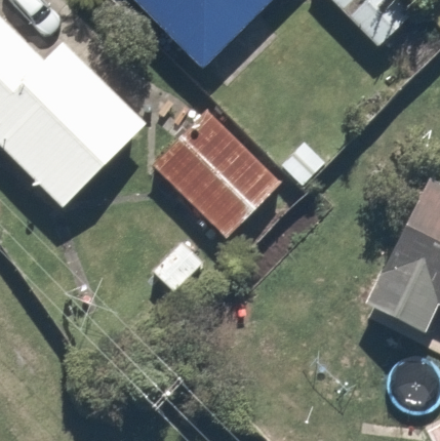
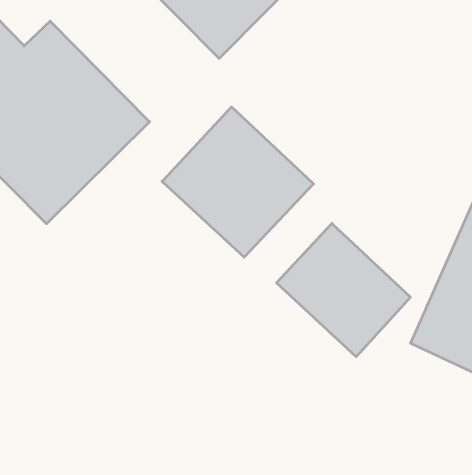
building: none -> [277,223,410,357]

